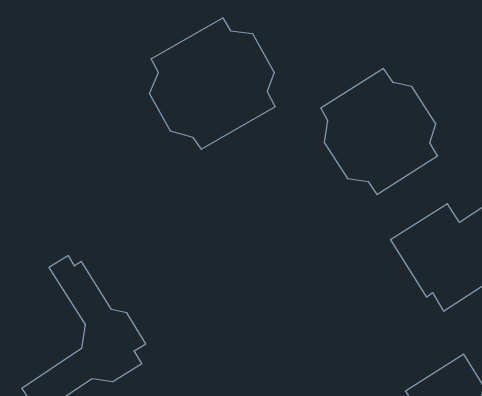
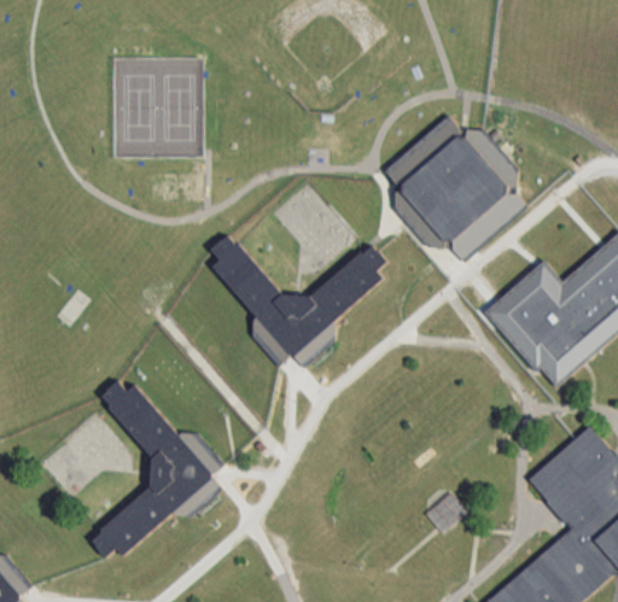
building: [149,18,275,149] -> none
building: none -> [210,230,389,366]

